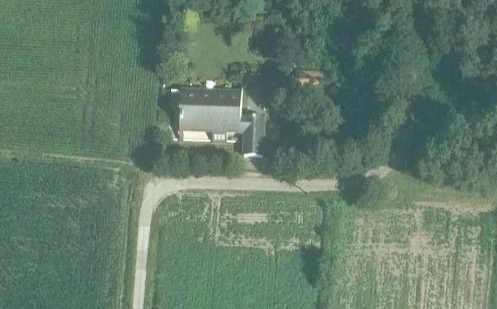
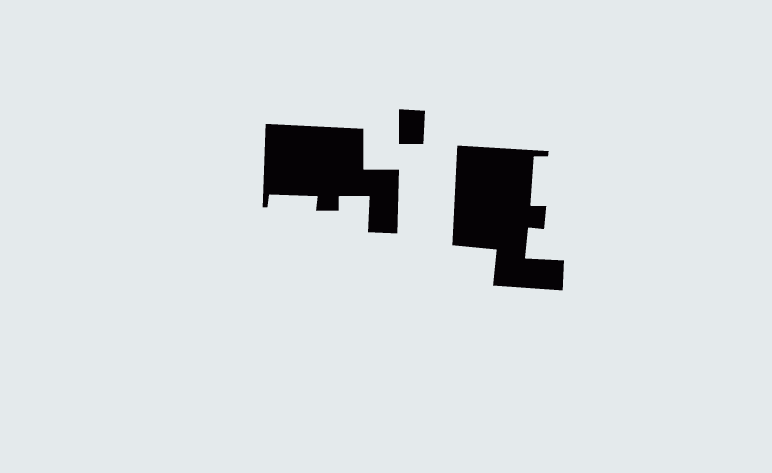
building: none -> [452,145,565,291]

